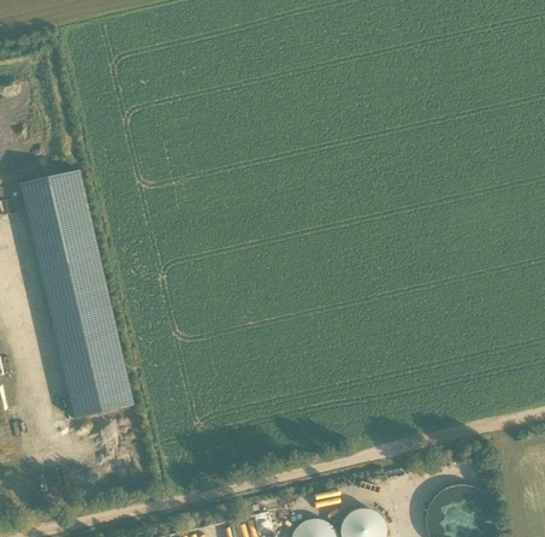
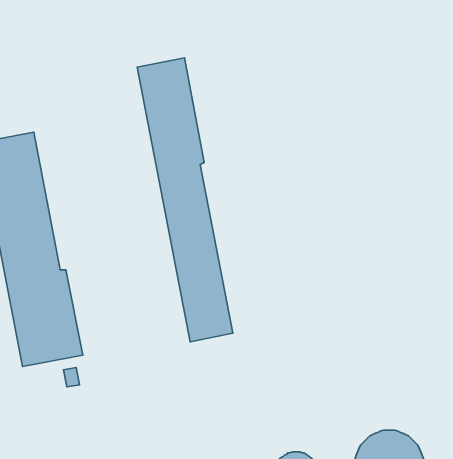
building: none -> [137,58,233,342]

